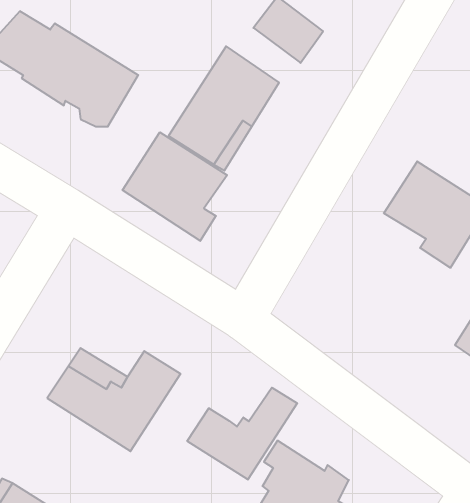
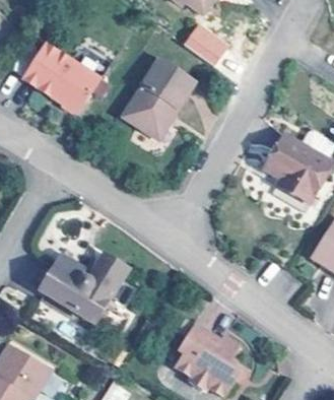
building: [123,132,227,241] -> none
building: [187,388,297,480] -> none

